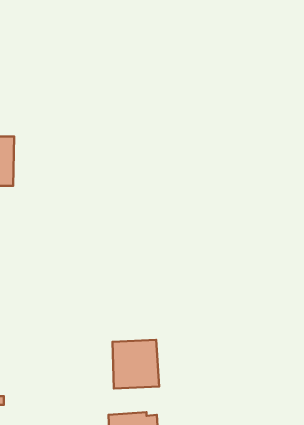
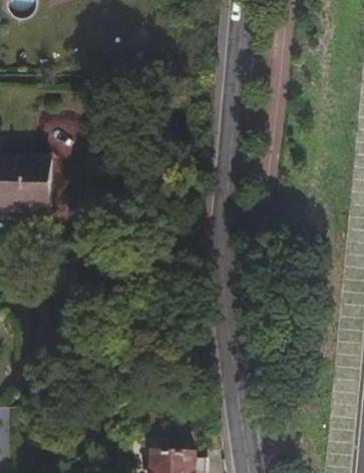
building: [113,340,159,388] -> none

